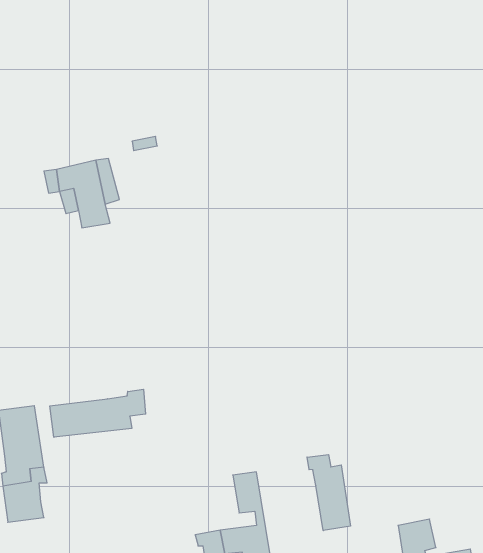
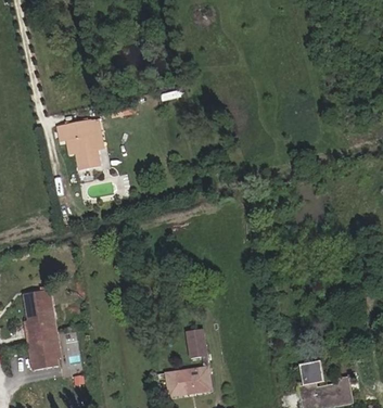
building: [50,389,146,437] -> none
building: [307,455,350,531] -> none

